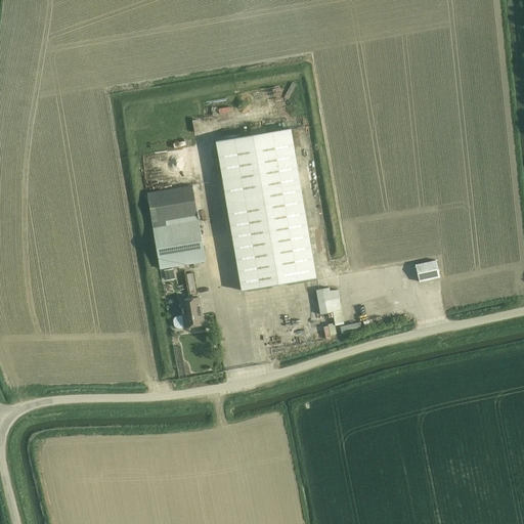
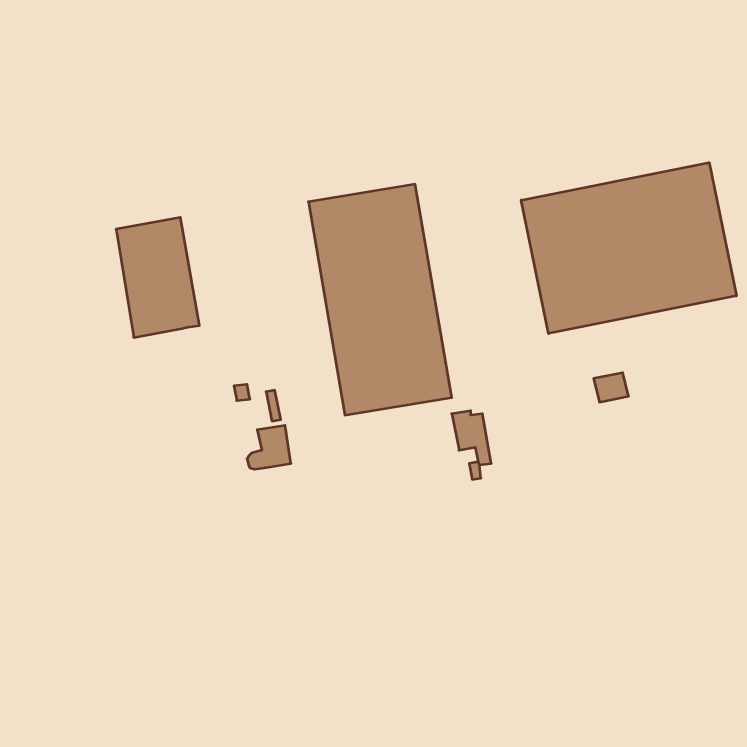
building: none -> [521,163,736,334]
building: [147,185,206,269] -> [116,217,199,337]

